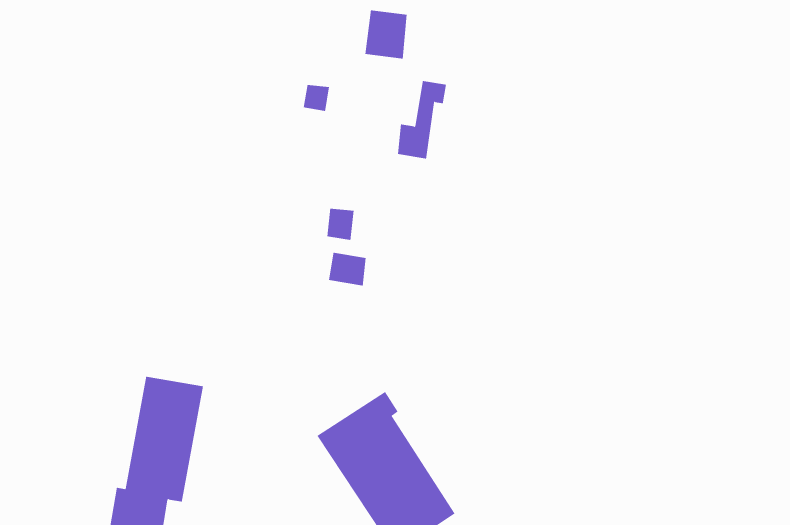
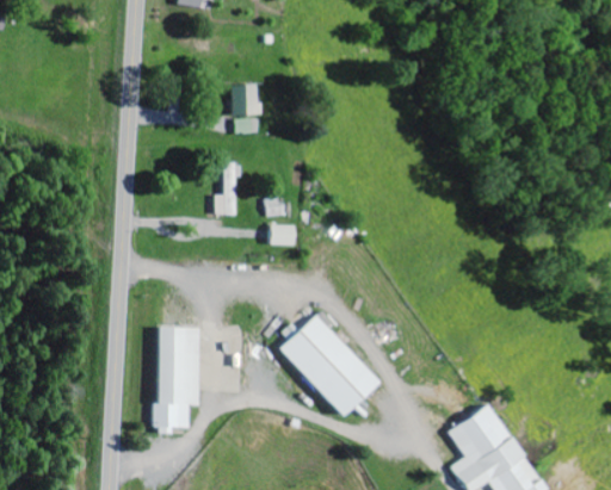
building: [364,10,407,59] -> [230,85,258,116]
building: [397,80,447,159] -> [214,163,240,215]

